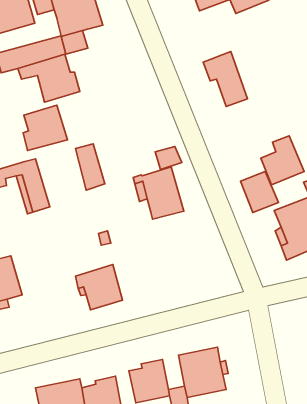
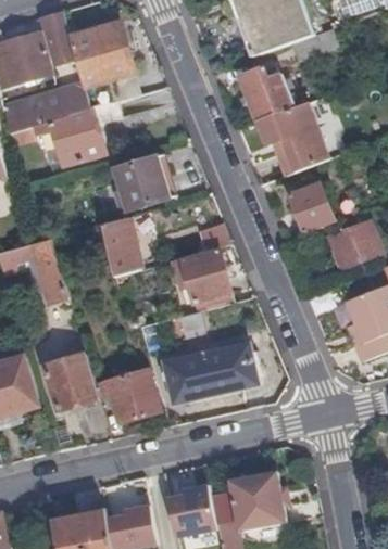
building: none -> [239,66,293,119]
building: [23,105,67,150] -> [116,157,171,213]
building: [240,172,278,212] -> [288,182,335,232]
building: none -> [164,342,259,401]
building: none -> [42,353,99,409]

